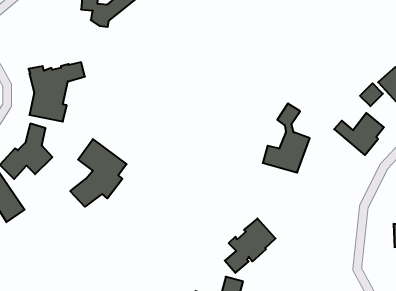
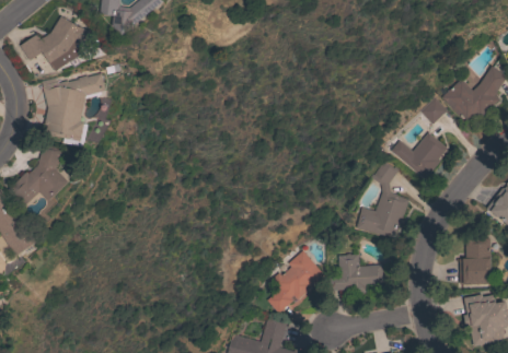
building: none -> [21,15,90,71]
building: [263,104,310,173] -> [356,160,409,238]
building: [70,139,127,207] -> none
building: none -> [330,250,384,294]

